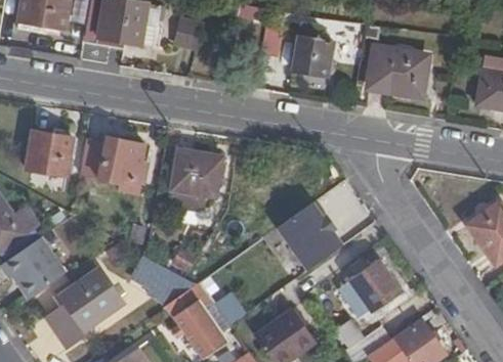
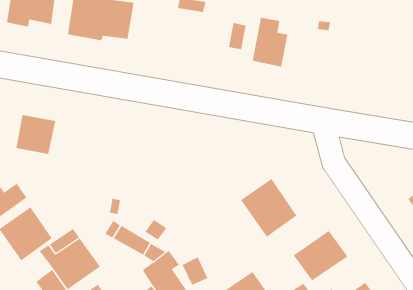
building: [175,17,205,51] -> none
building: [367,46,428,98] -> none
building: [98,139,146,196] -> none
building: [172,150,221,199] -> none

